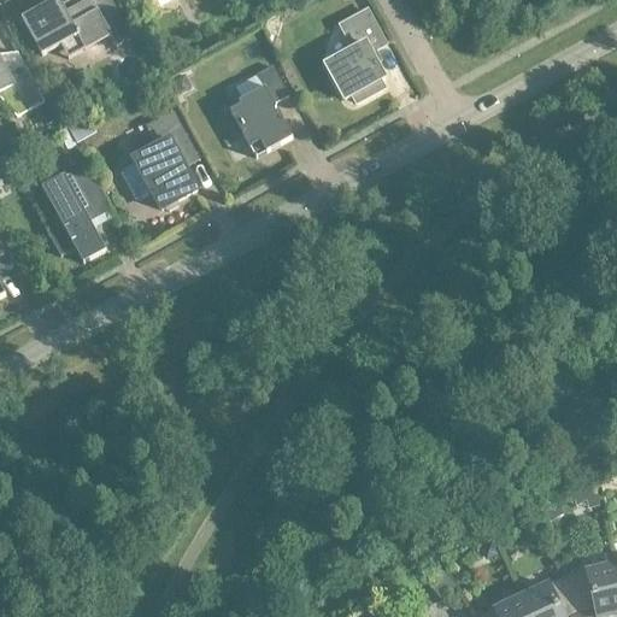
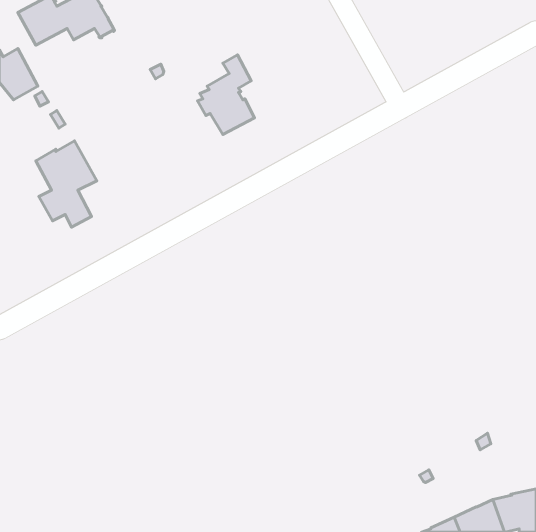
building: [324,7,384,100] -> none
building: [121,107,196,208] -> none

